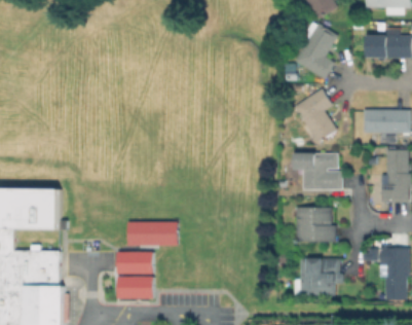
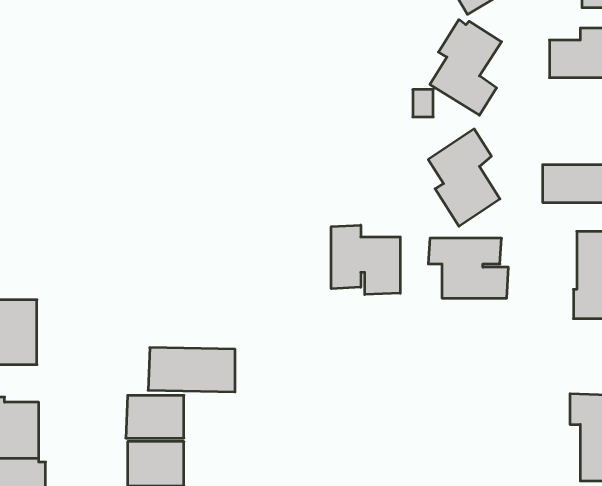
building: none -> [331,225,400,295]
building: [295,207,335,242] -> none
building: [301,258,339,294] -> none

